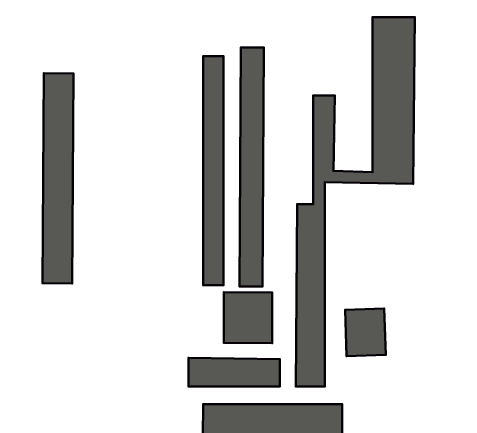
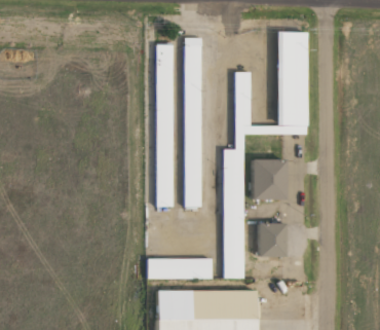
building: [43,73,74,284] -> none
building: none -> [252,159,287,200]
building: [224,292,272,343] -> none

